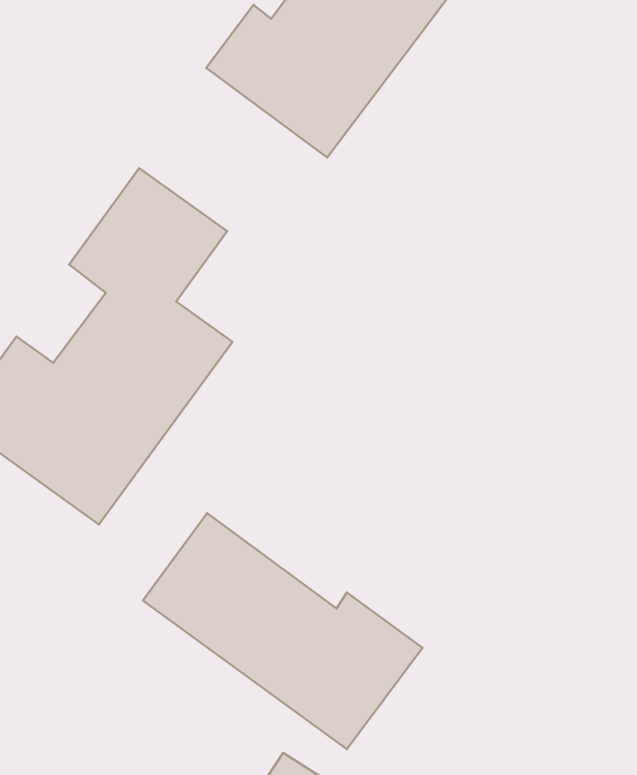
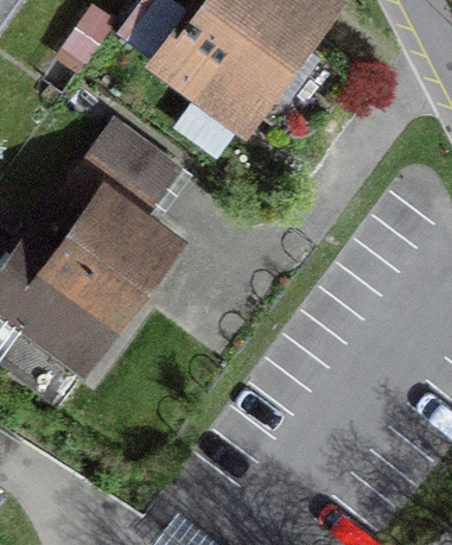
building: [143,513,423,749] -> none

